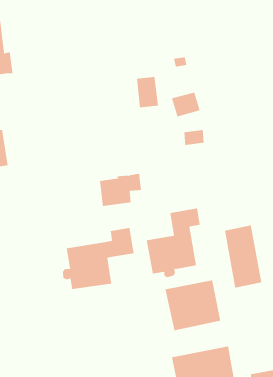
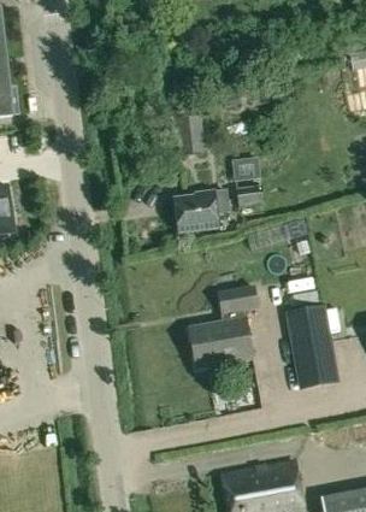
building: [99,173,142,206] -> [175,189,229,231]
building: [62,227,134,290] -> none
building: [165,279,221,331] -> none

